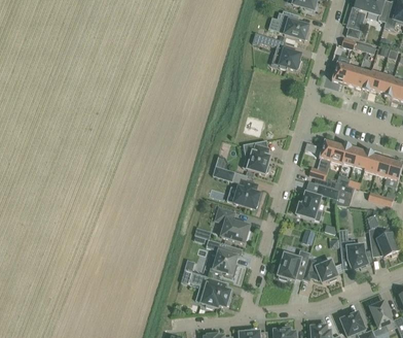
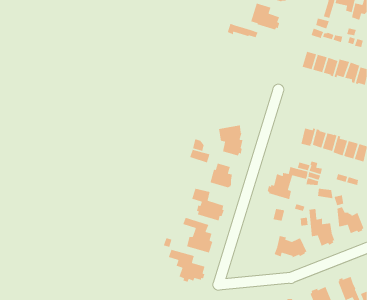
building: [274,46,301,69] -> none
building: [309,139,335,179] -> none
building: [277,249,310,279] -> none

